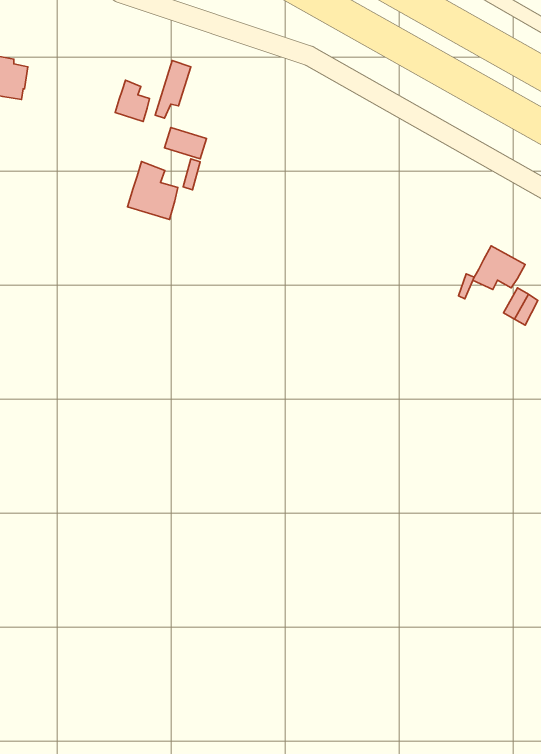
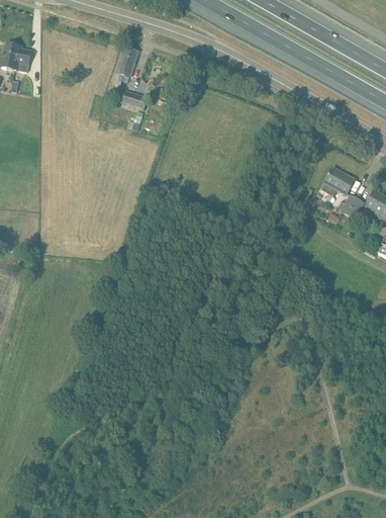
building: [115,80,149,121] -> none
building: [128,161,178,220] -> none

